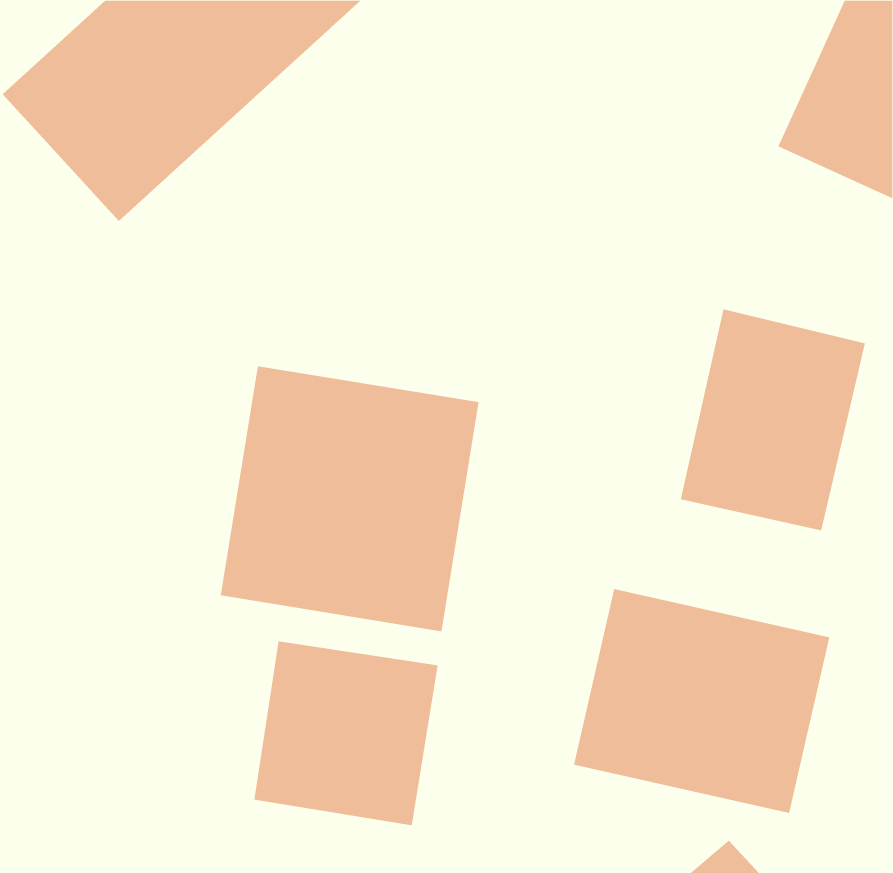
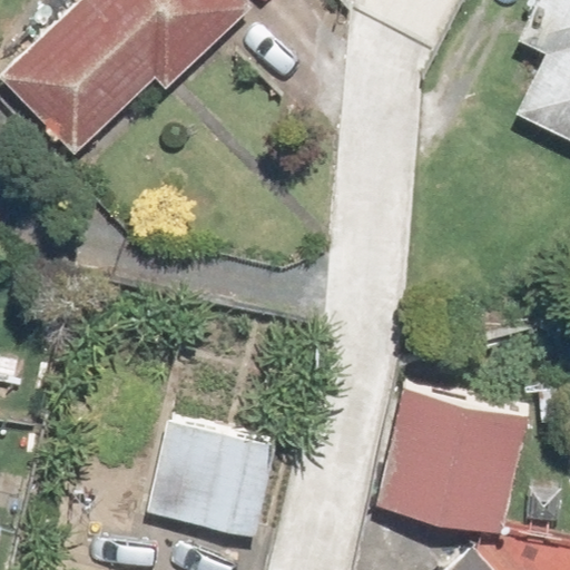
building: [680,309,865,531] -> none
building: [220,365,479,632] -> none

